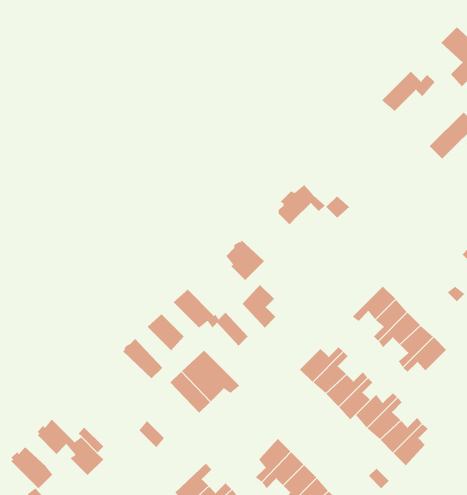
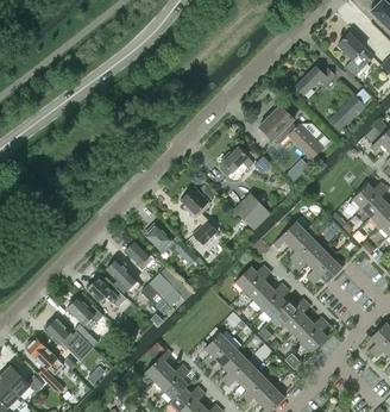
building: none -> [259,106,323,160]
building: none -> [234,193,270,230]
building: none -> [87,277,127,308]
building: none -> [67,296,105,323]

